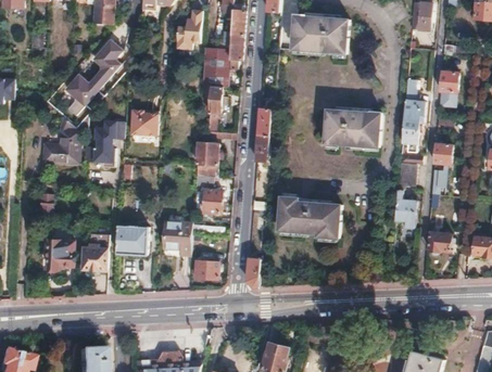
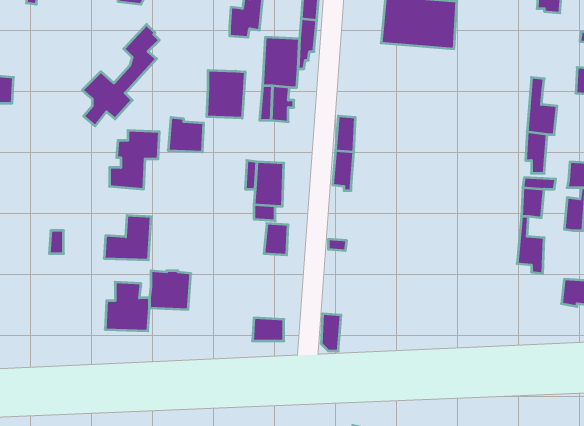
building: none -> [207,70,245,118]
building: [324,107,380,147] -> none
building: [42,130,78,164] -> [104,215,151,260]
building: [279,194,341,239] -> none
building: [163,221,191,254] -> none
building: [46,240,73,268] -> none

